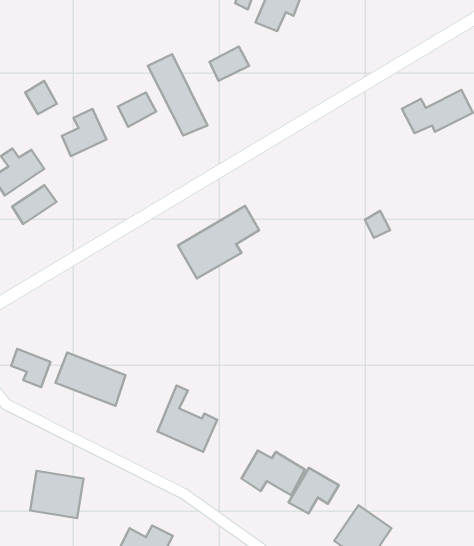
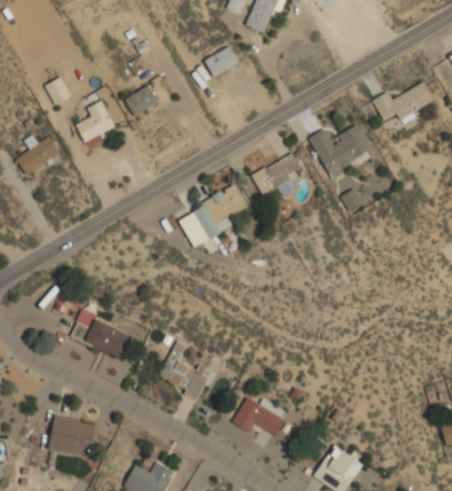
building: [148,54,208,136] -> none
building: none -> [310,124,373,174]
building: none -> [253,153,301,195]
building: [12,185,56,224] -> none
building: [11,349,51,387] -> none
building: [289,468,339,514] -> none

